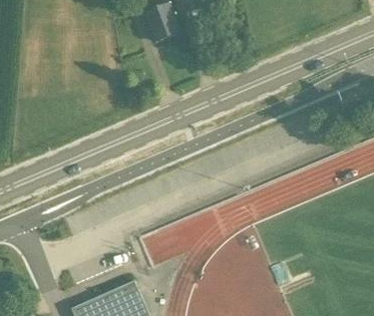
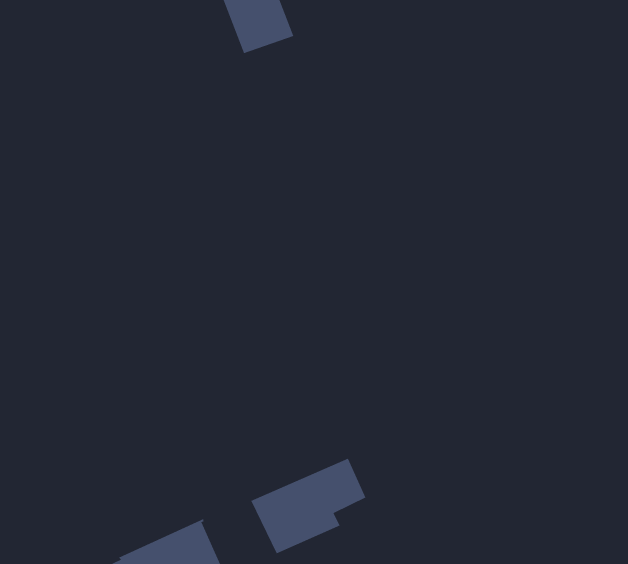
building: none -> [251,458,366,554]

